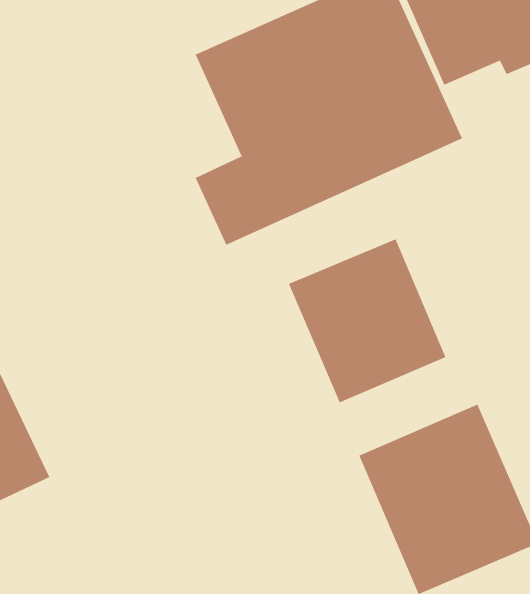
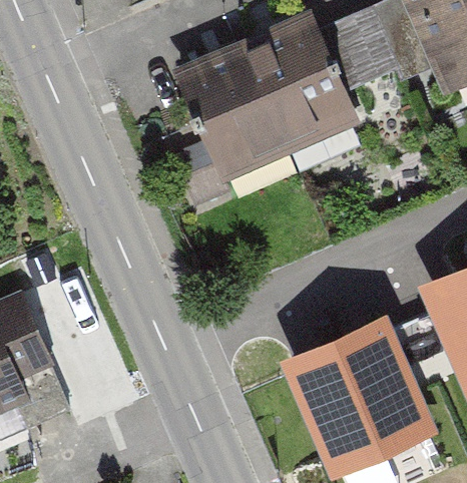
building: [288,239,446,403] -> none

